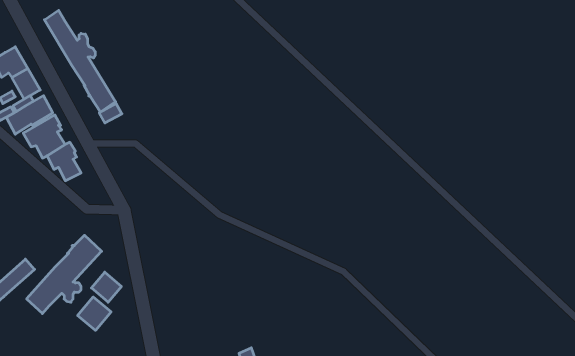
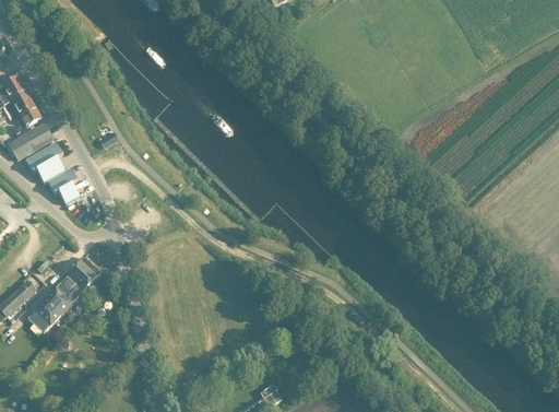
building: [44,10,116,112] -> none
building: [91,272,121,302] -> none
building: [78,297,111,330] -> none

